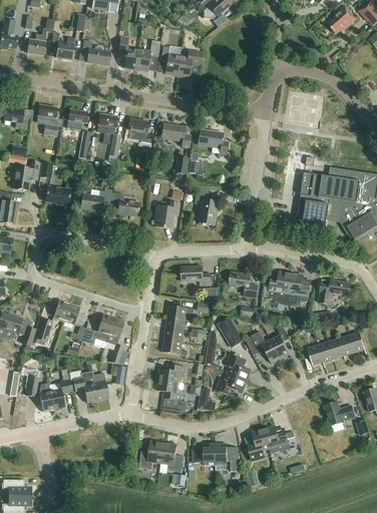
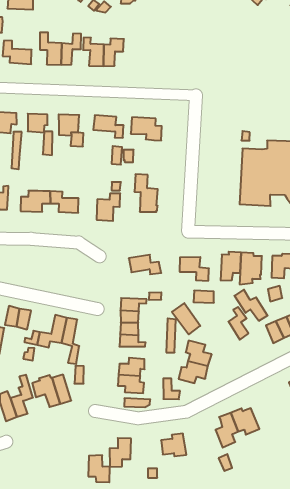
building: [251,331,281,363] -> [234,290,268,321]
building: [160,443,182,471] -> [88,455,110,482]
building: [215,443,239,471] -> none

